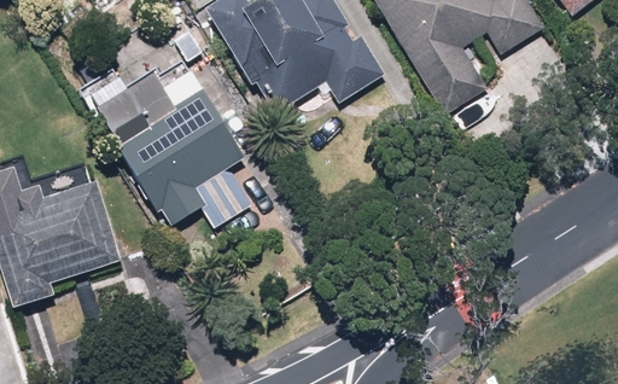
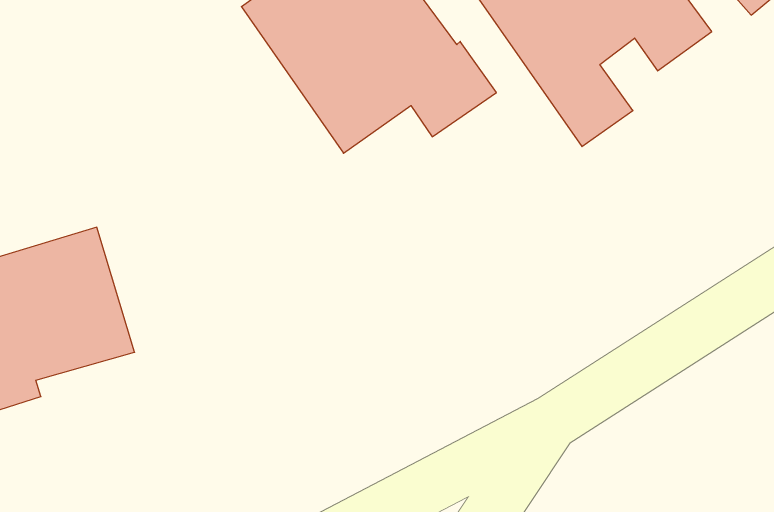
building: [80,57,250,227] -> none

